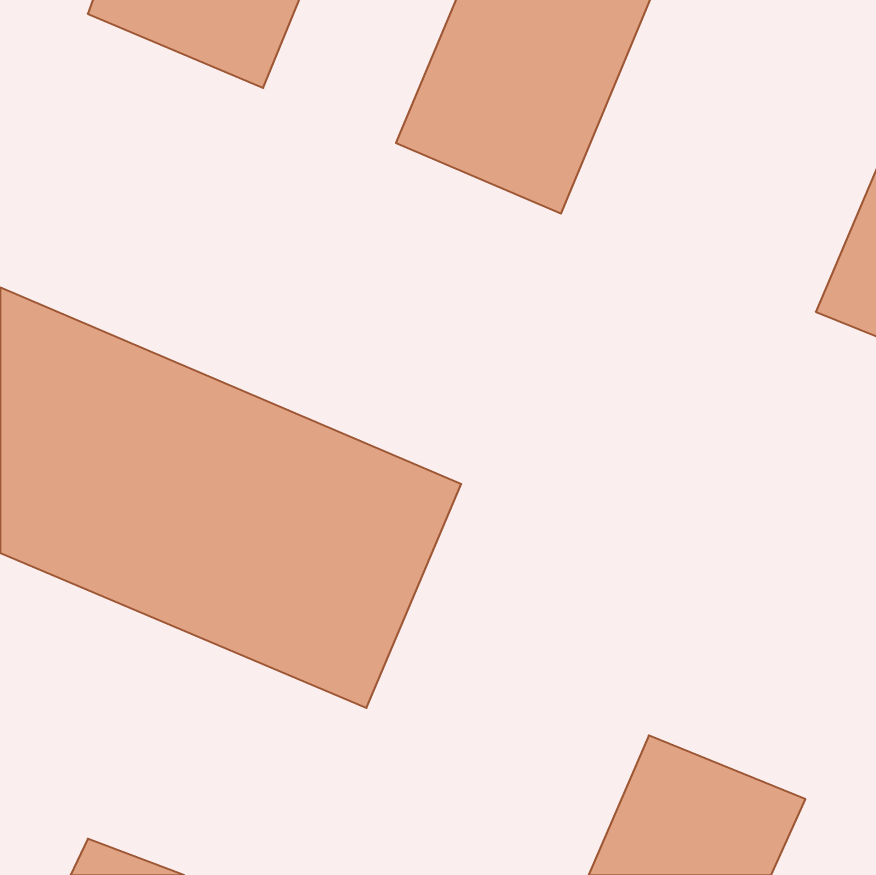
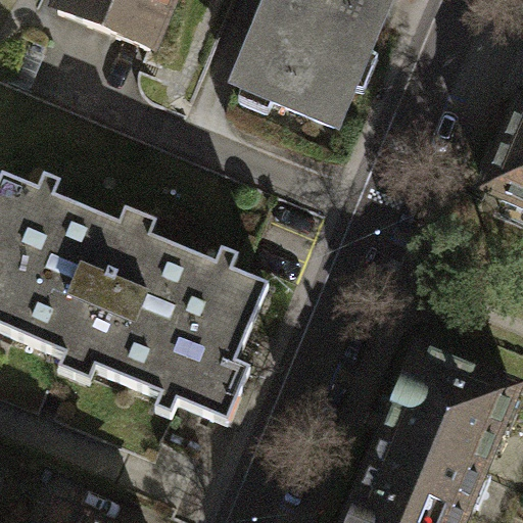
building: none -> [387,349,516,474]

